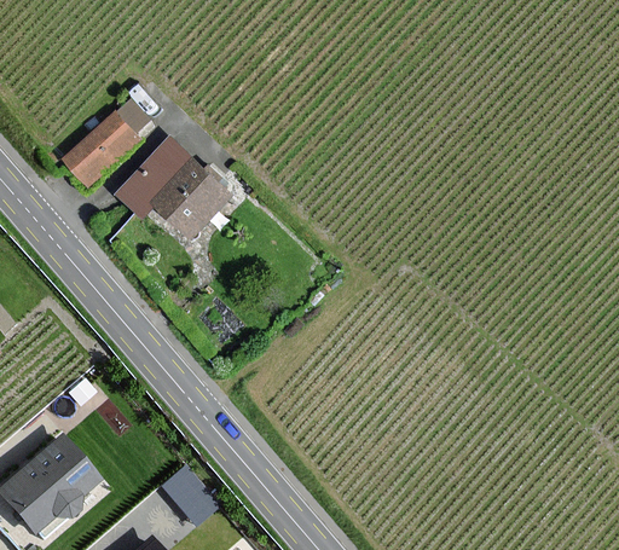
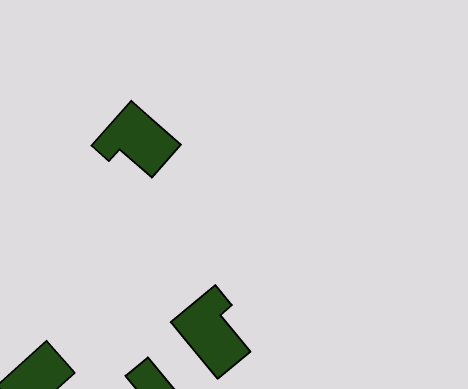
building: [65,115,135,183] -> none
building: none -> [171,285,250,379]

